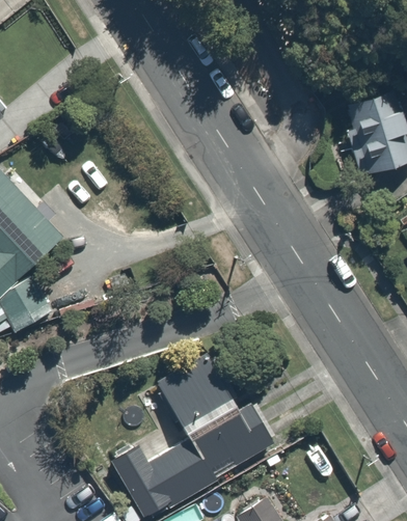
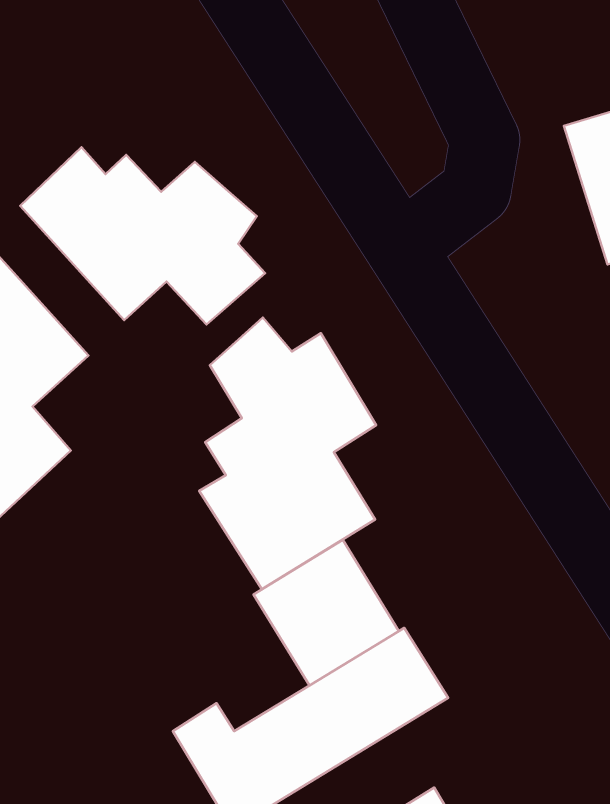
building: none -> [20,147,265,325]
building: none -> [199,317,376,589]

